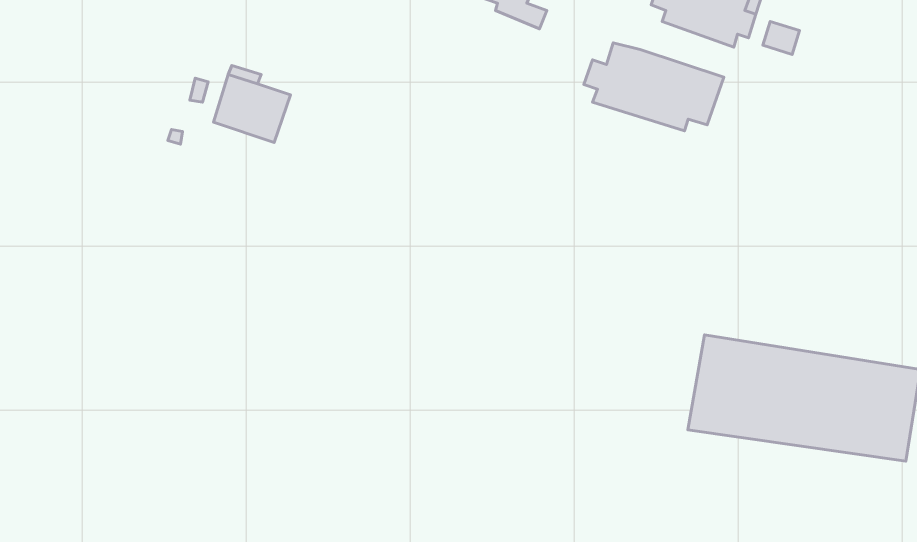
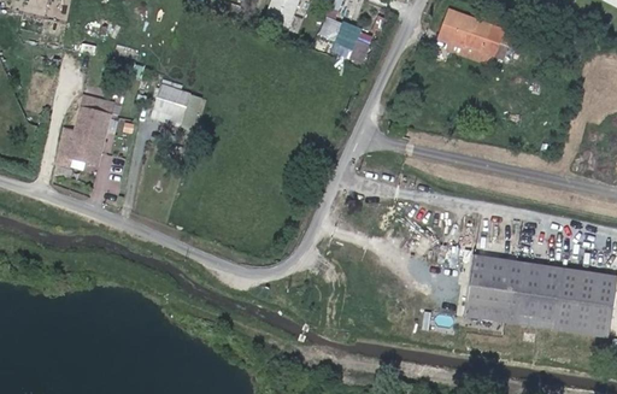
building: [584,43,724,131] -> none
building: none -> [58,93,116,166]

